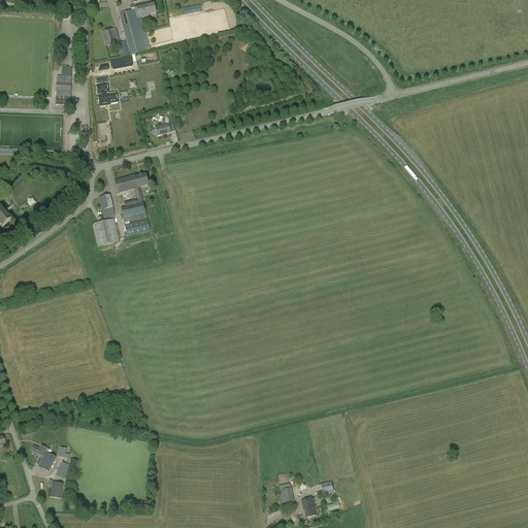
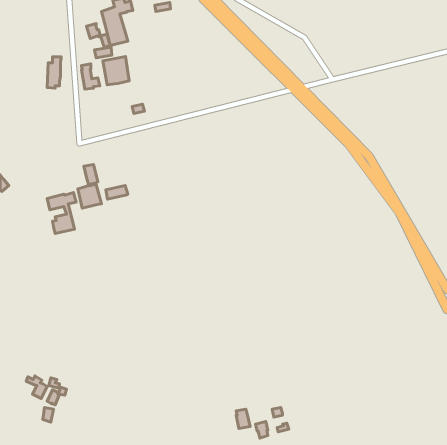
building: none -> [103,57,129,85]
building: [114,172,148,221] -> [47,192,76,233]

